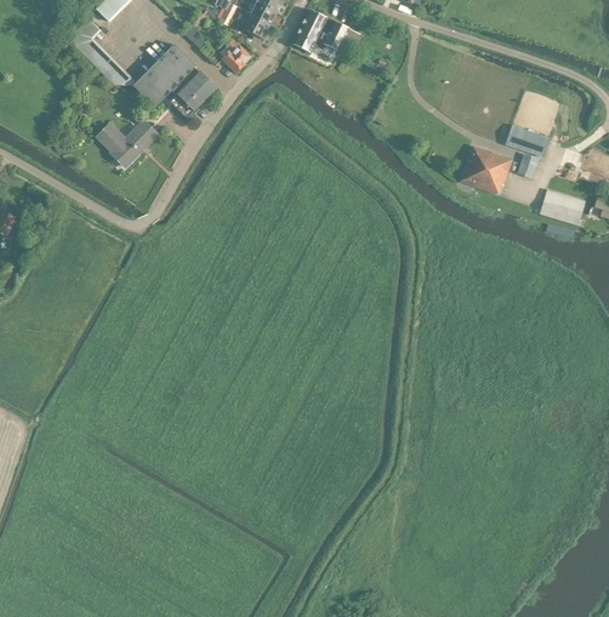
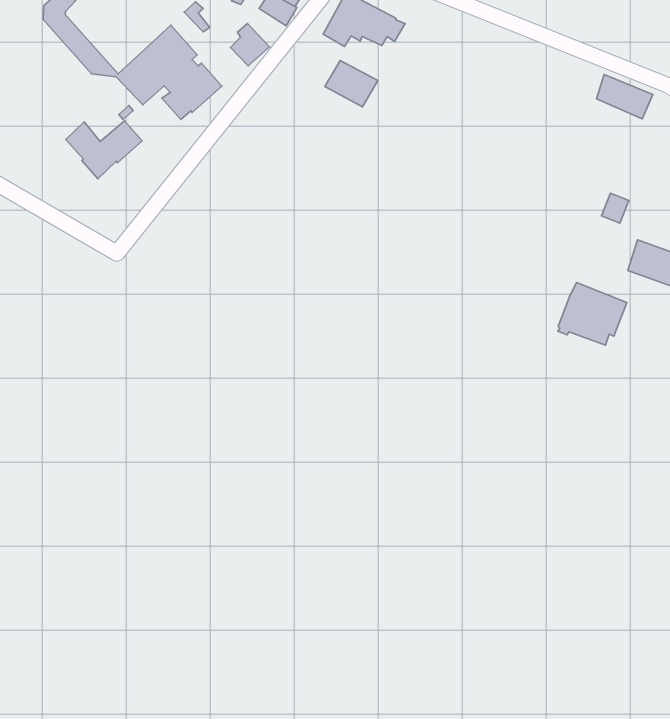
building: none -> [325,60,378,107]
building: [506,125,550,158] -> [596,74,653,119]
building: [460,145,512,193] -> [558,282,627,345]

